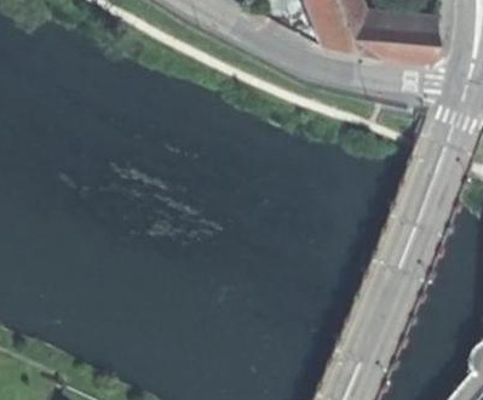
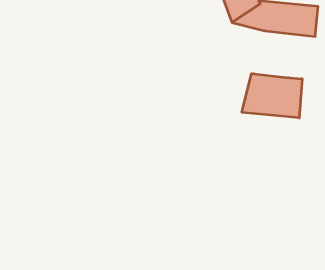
building: none -> [242,74,302,118]

